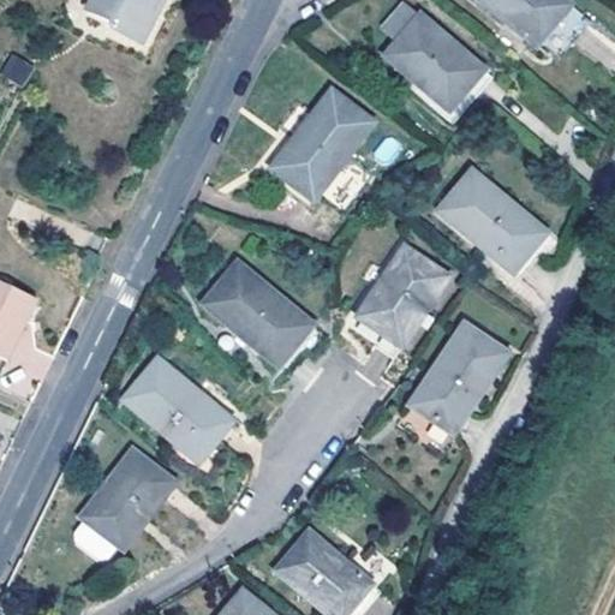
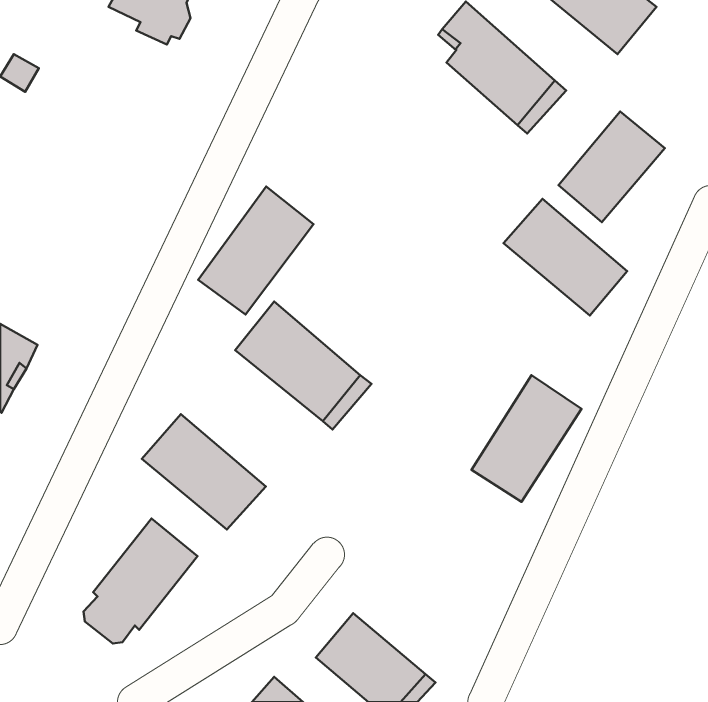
building: [271,89,371,199] -> [198,187,314,314]
building: none -> [558,111,665,222]
building: [357,246,444,344] -> none

